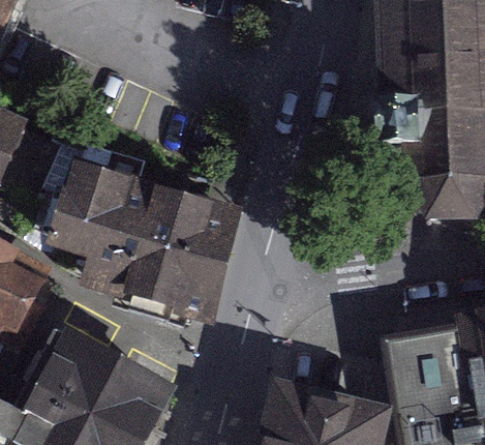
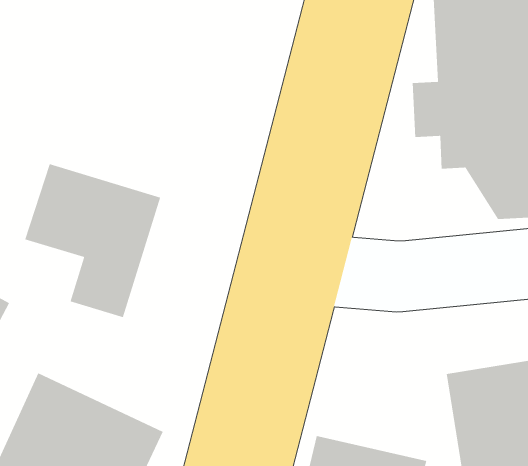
building: [132,191,216,307] -> none

